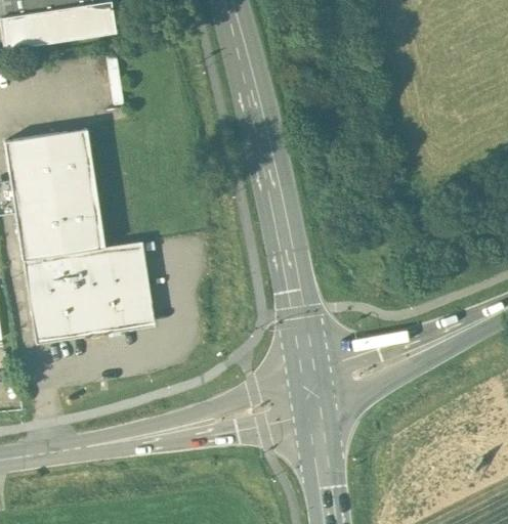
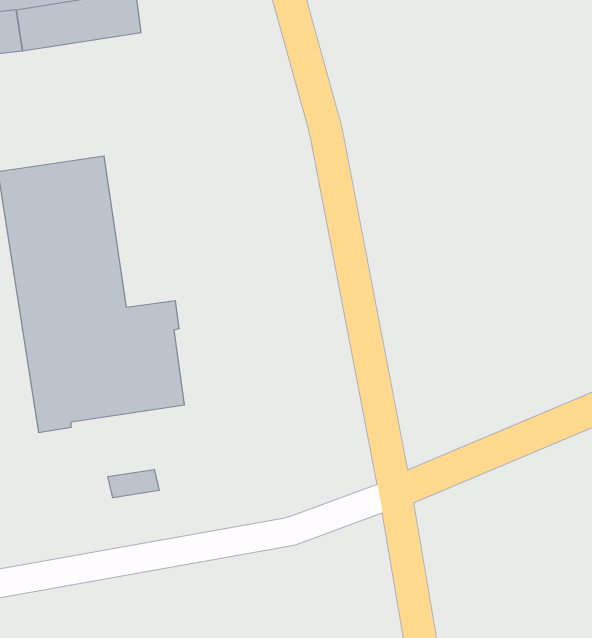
building: none -> [108,469,159,498]

